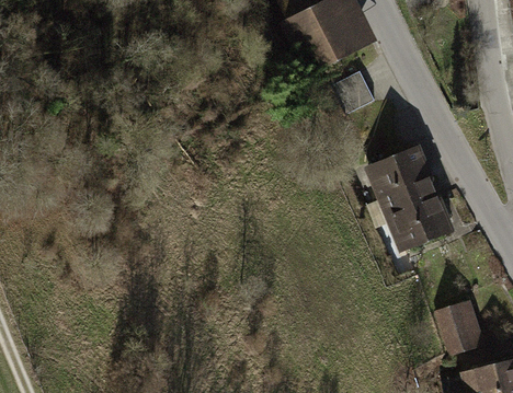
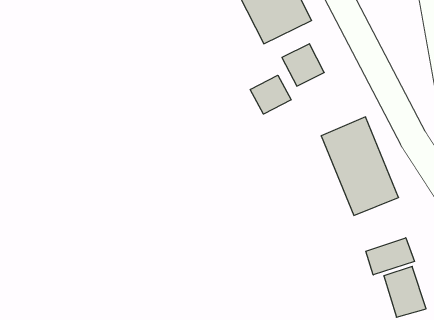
building: none -> [250,75,291,114]
building: none -> [366,238,415,275]

